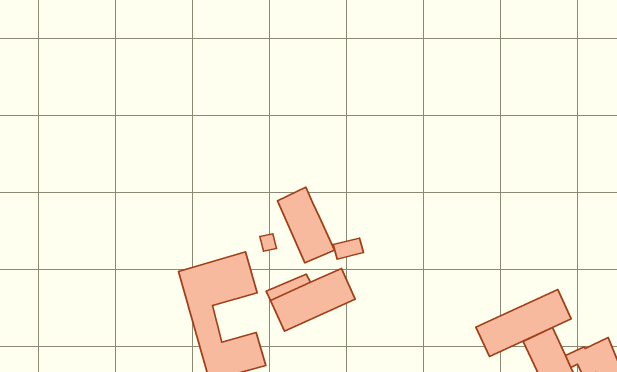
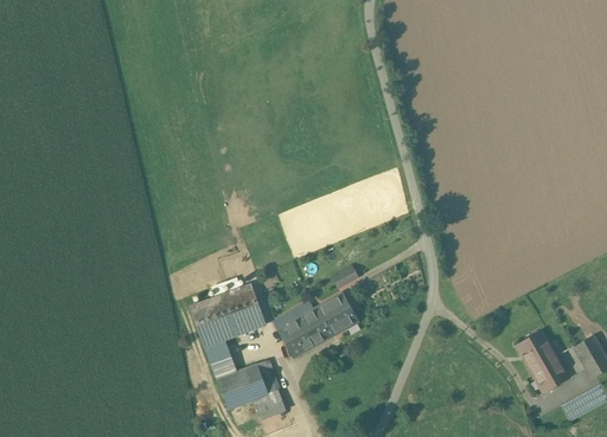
building: [277,187,334,263] -> none
building: [476,290,571,357] -> none

